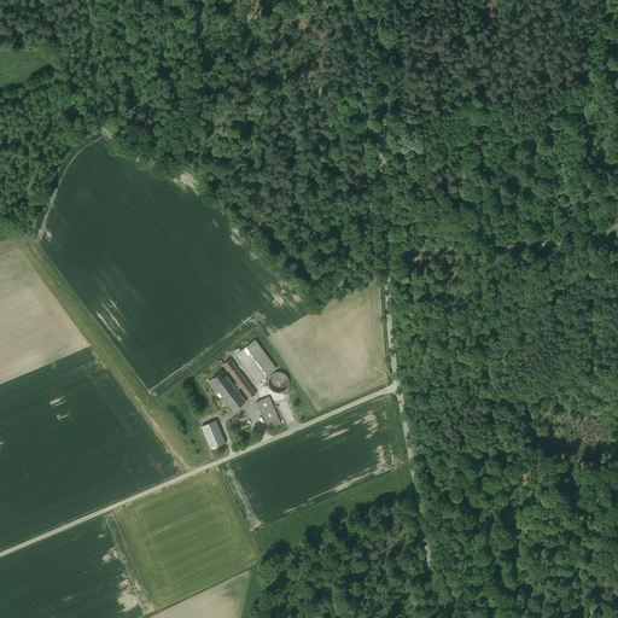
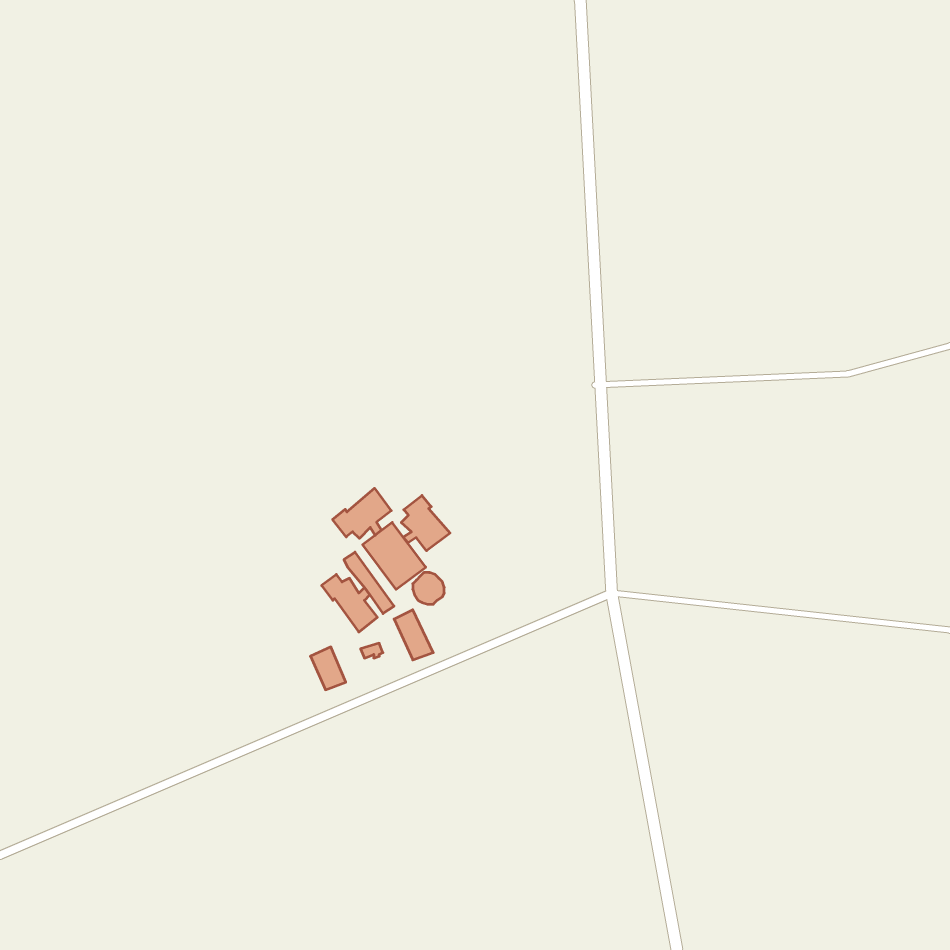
building: none -> [333,488,391,538]
building: none -> [401,495,450,551]

